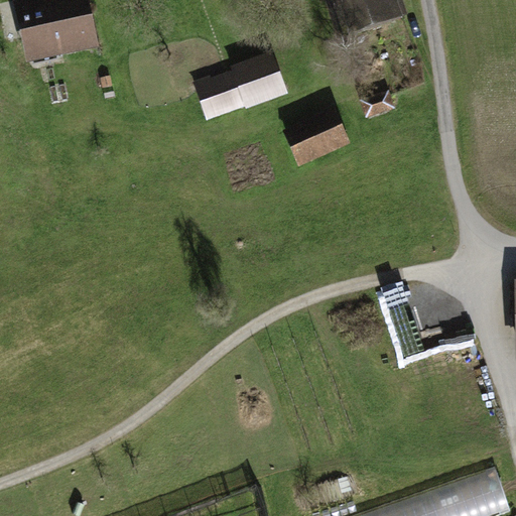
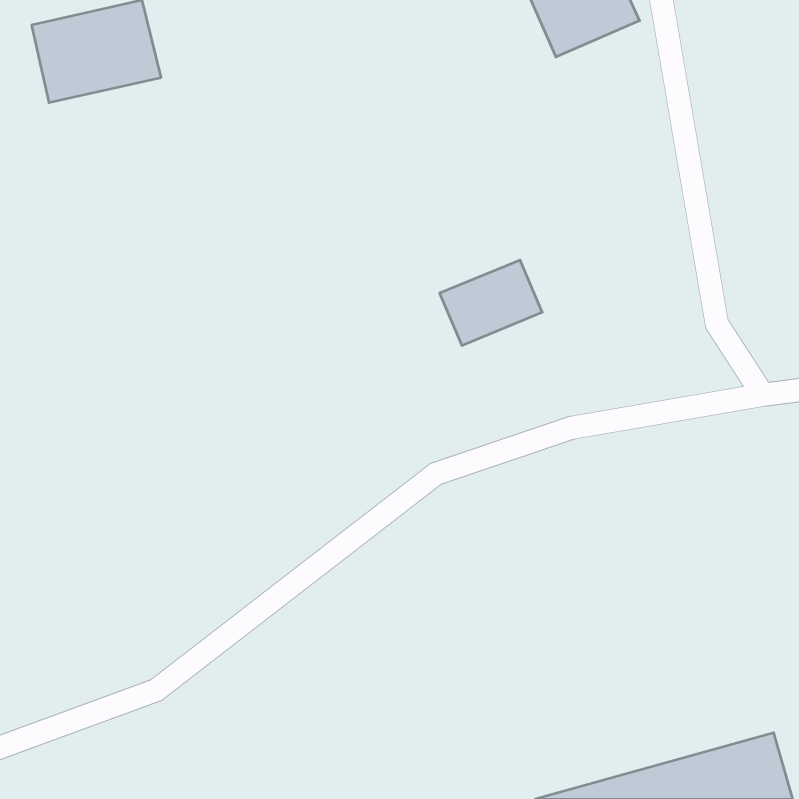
building: [192,56,284,120] -> none
building: [283,110,349,164] -> [440,260,542,345]

